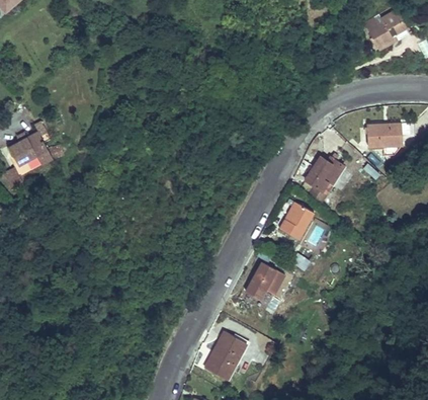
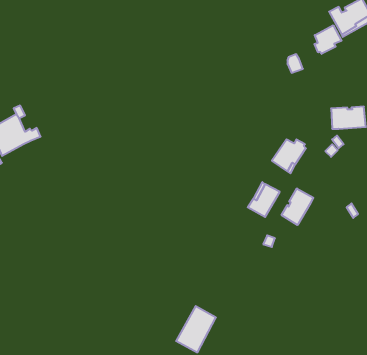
building: none -> [314,25,342,54]
building: none -> [282,188,313,225]
building: [242,258,284,303] -> none

